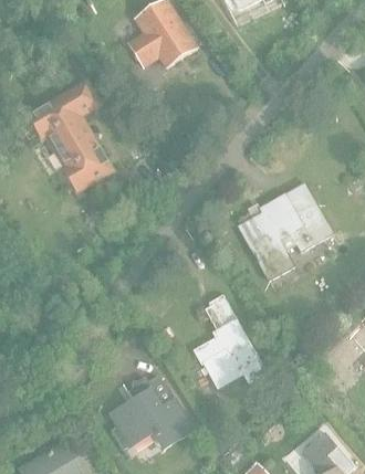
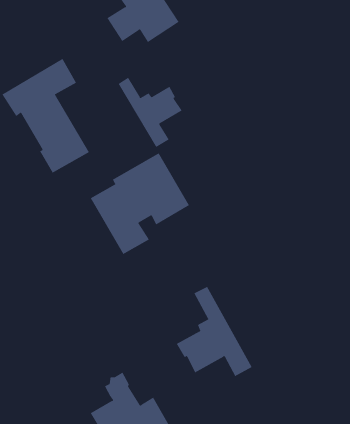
building: none -> [118,77,182,148]
building: [239,183,333,280] -> [90,152,190,255]

